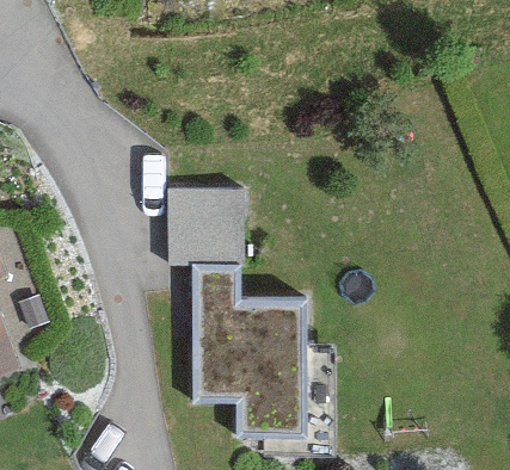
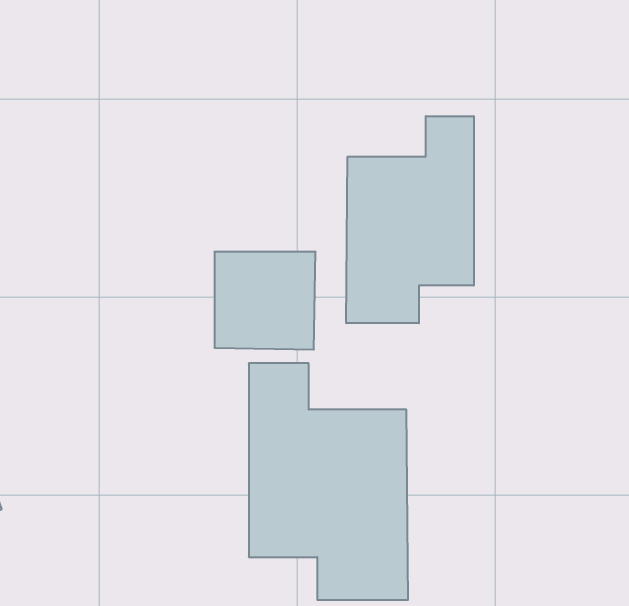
building: none -> [346,116,474,323]

